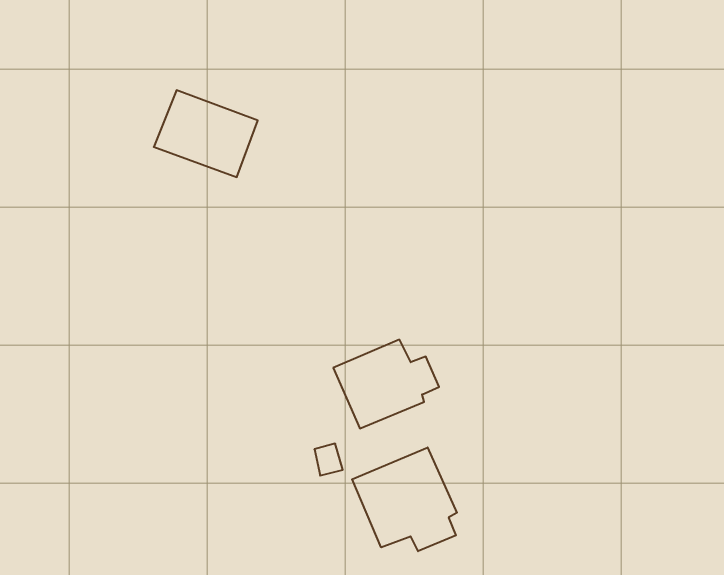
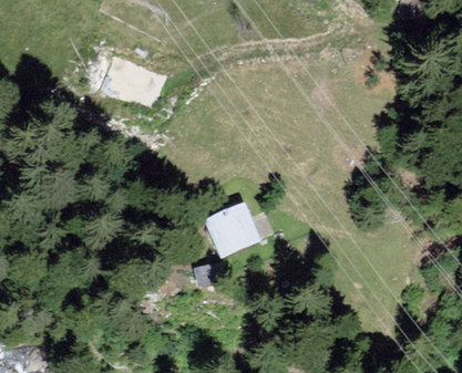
building: [352,447,457,551] -> none

